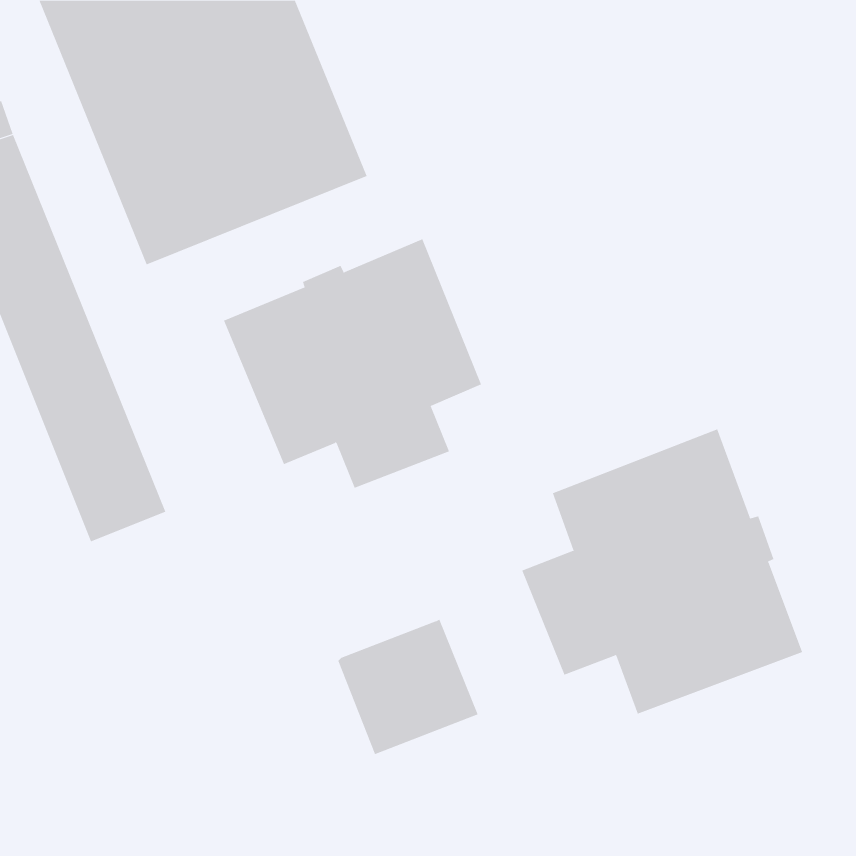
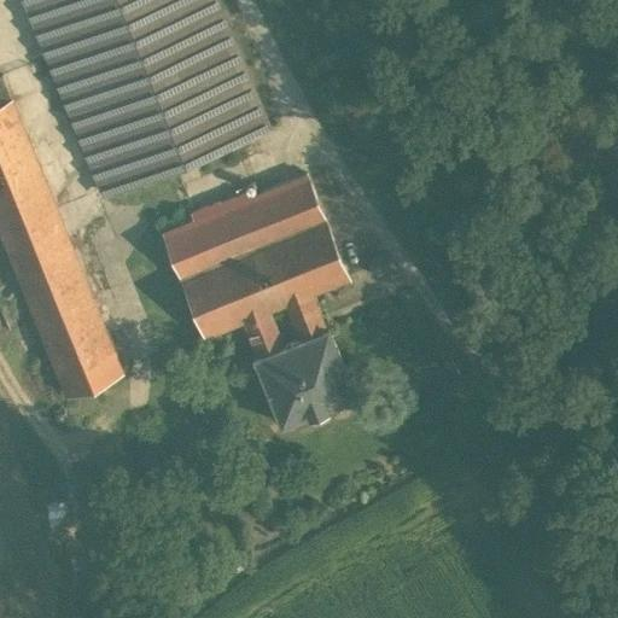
building: [521,428,803,714] -> none
building: [338,619,478,755] -> [252,325,354,422]

